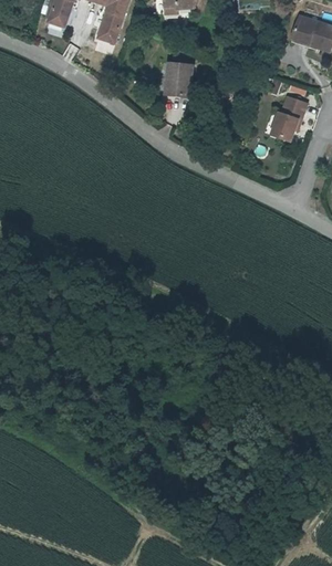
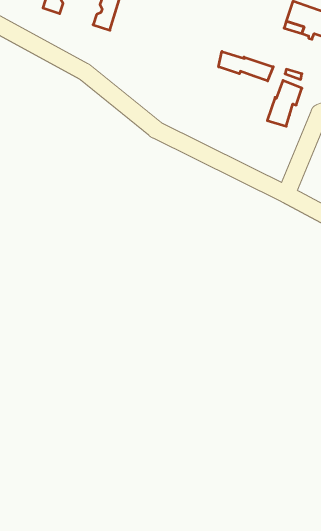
building: [165,61,195,97] -> none
building: none -> [219,51,273,81]

